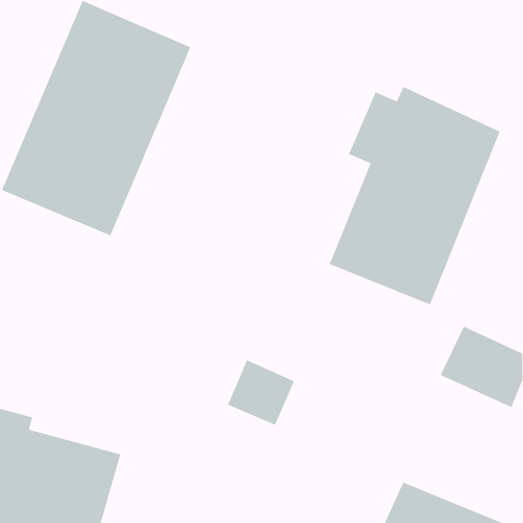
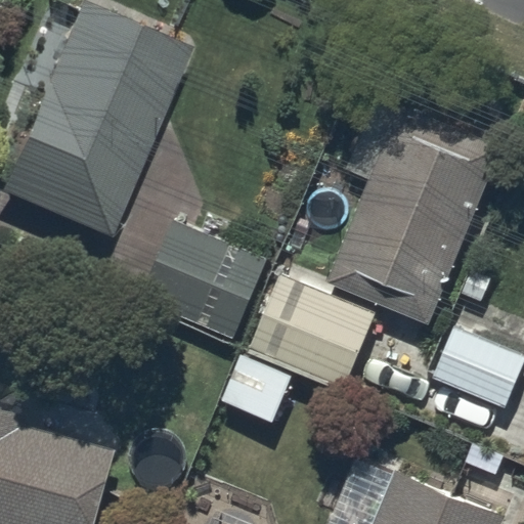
building: none -> [145,227,263,340]
building: none -> [253,277,377,389]

